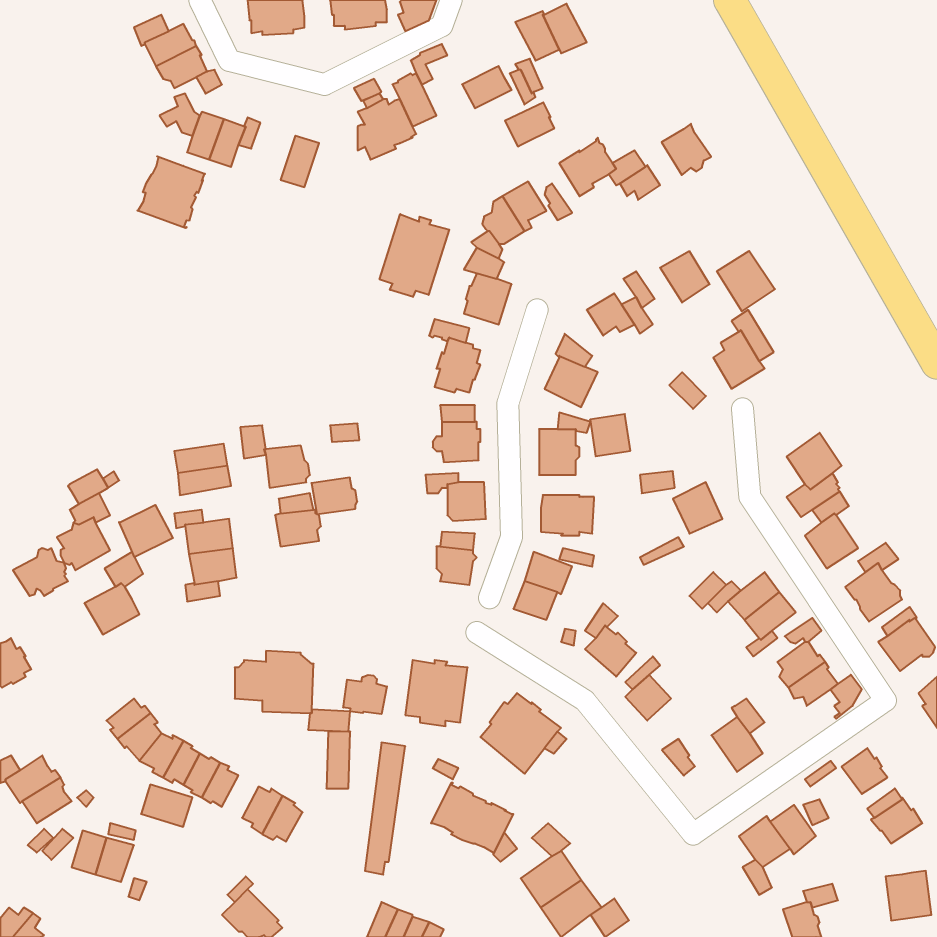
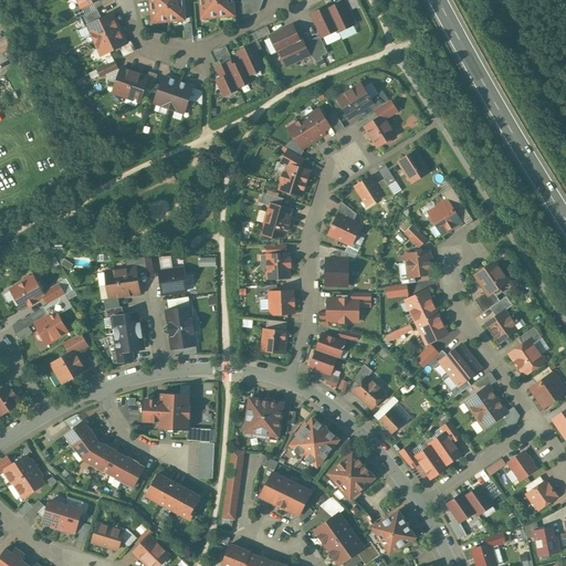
building: [505,102,554,146] -> [269,25,298,52]
building: [662,124,711,175] -> [365,115,395,146]
building: none -> [154,76,178,108]
building: [137,156,205,228] -> none
building: [380,214,449,297] -> none
building: [717,251,775,311] -> none
building: [590,414,630,456] -> [406,251,430,276]
building: [311,478,357,514] -> [169,326,197,348]
building: [119,505,173,557] -> none
building: none -> [416,313,447,344]
building: [13,548,68,596] -> [10,276,43,305]
building: [343,675,387,714] -> none
building: none -> [415,444,446,478]
building: none -> [329,452,374,497]
building: [141,785,192,827] -> [92,524,123,549]
building: none -> [172,490,200,521]
building: none -> [373,510,416,553]

